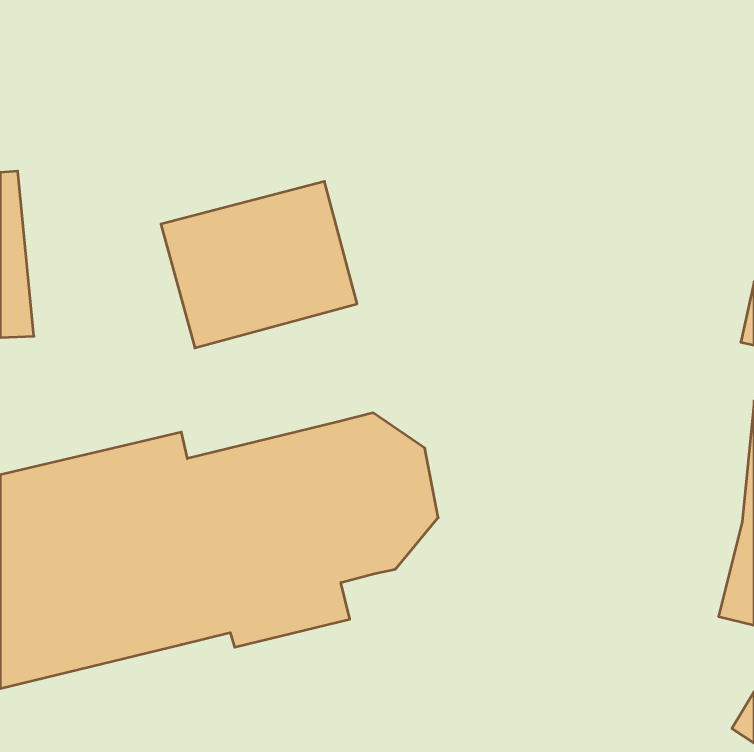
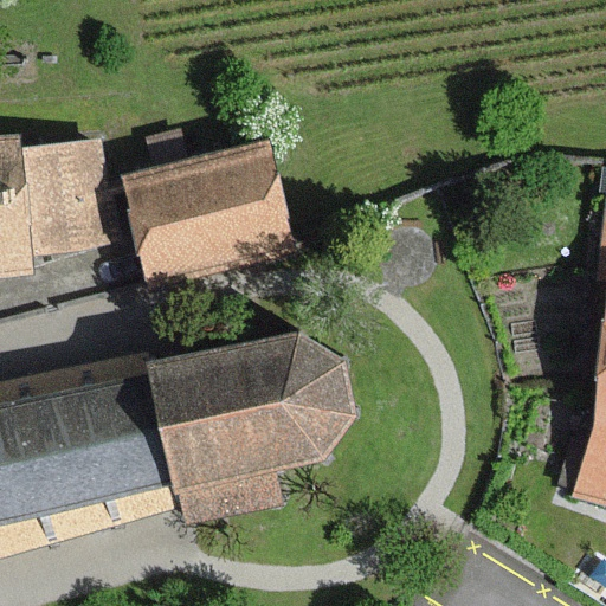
building: none -> [28,142,114,249]

